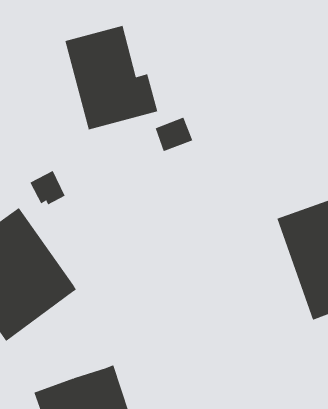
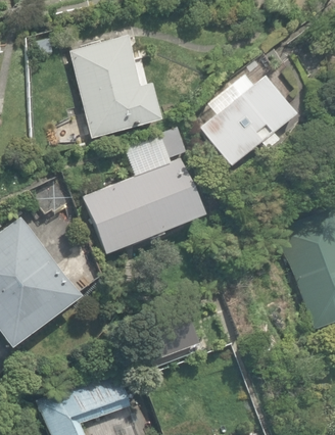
building: none -> [202,75,296,165]
building: none -> [84,157,202,253]

